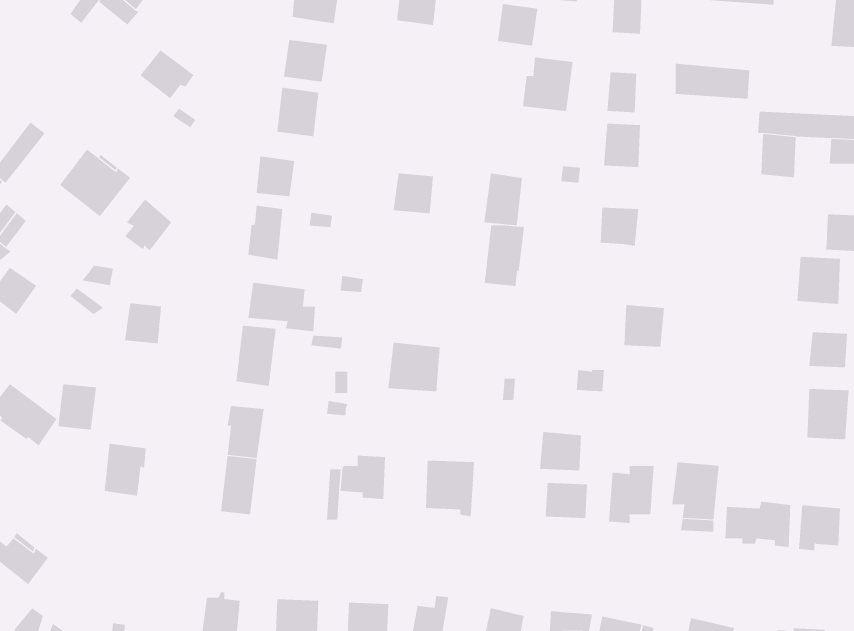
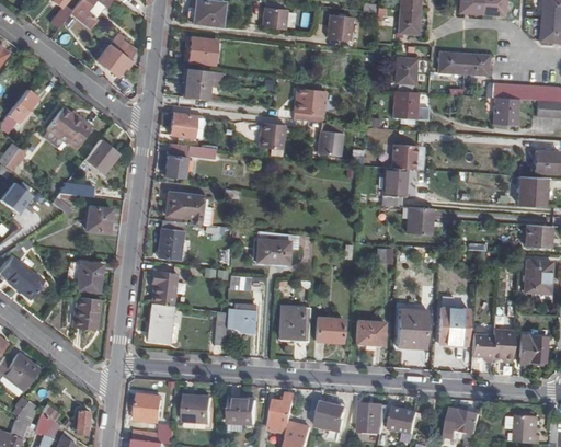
building: [522,57,574,112] -> [293,88,325,123]
building: [484,225,525,287] -> [380,168,407,207]
building: [57,384,97,430] -> [77,262,102,291]
building: [539,432,582,471] -> [314,318,342,343]

